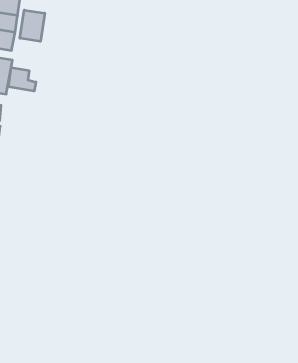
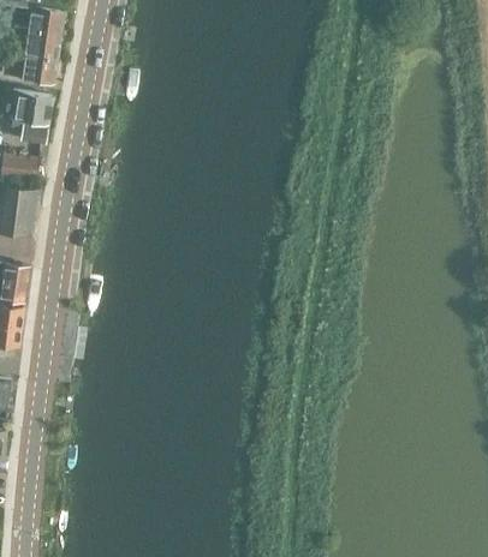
building: [20,10,45,41] -> none
building: [8,68,36,91] -> none

